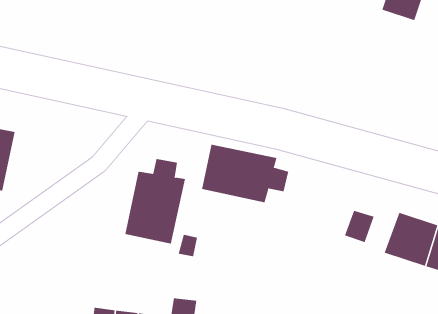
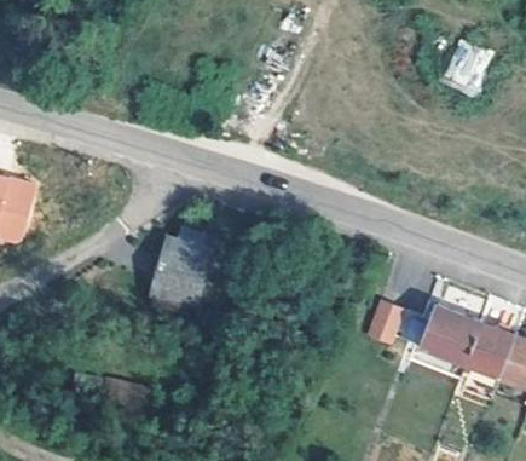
building: [202,144,289,203] -> none

